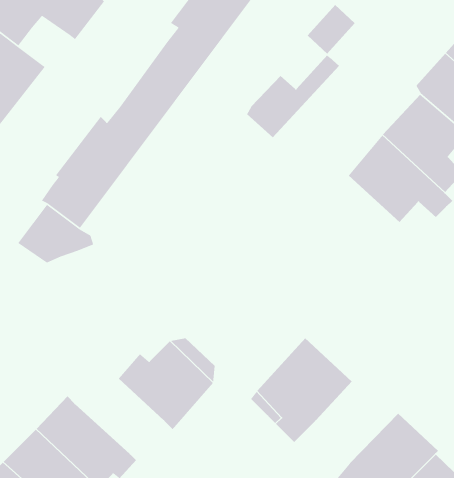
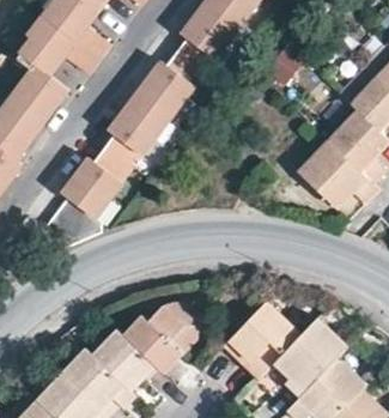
building: [246,54,340,138] -> none
building: none -> [272,316,346,395]
building: none -> [89,323,156,388]

